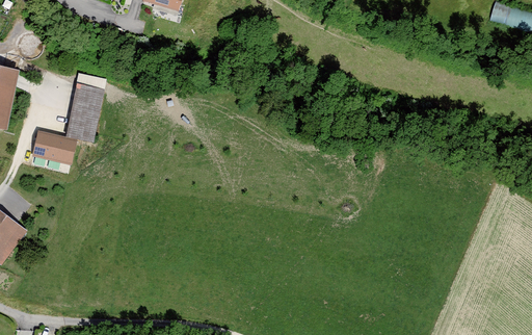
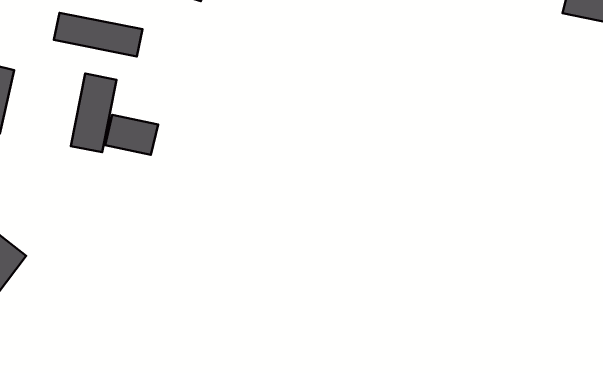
building: none -> [54,13,143,57]
building: [32,131,78,165] -> [105,115,158,155]

